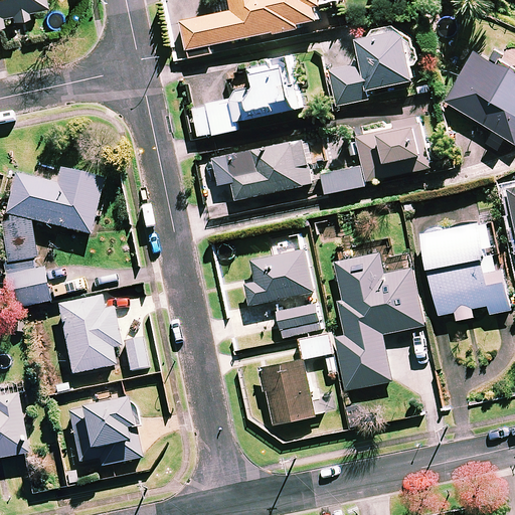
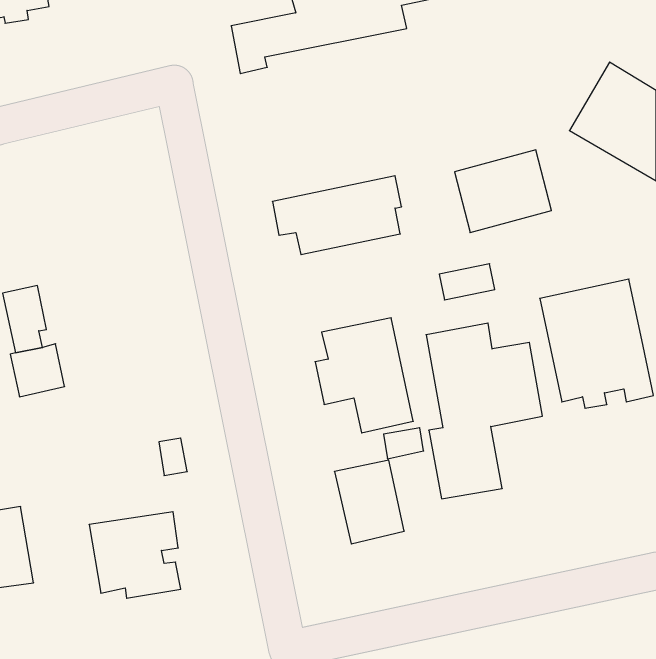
building: [327,26,411,105] -> none
building: [189,58,298,137] -> none
building: [319,165,362,193] -> [439,264,495,300]
building: [6,171,102,234] -> none
building: [58,297,119,373] -> none

